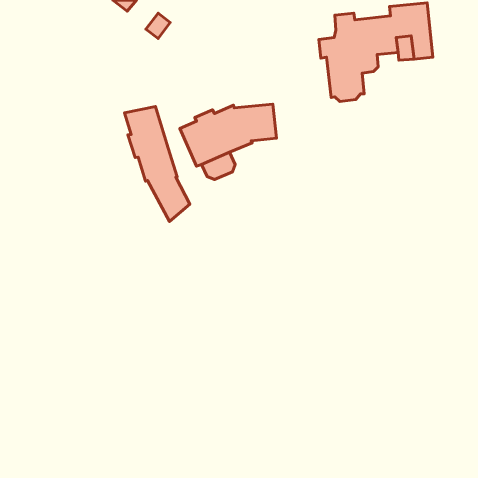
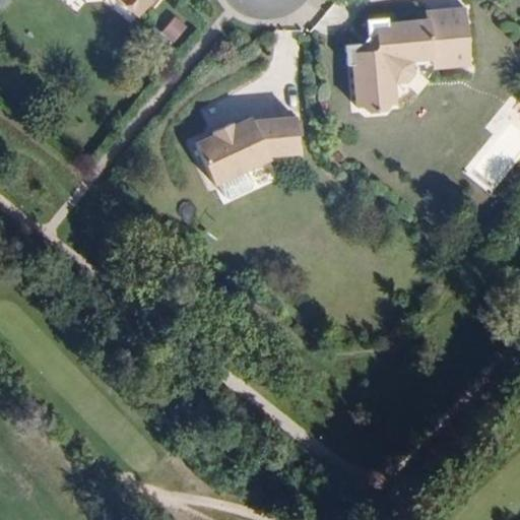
building: [125,106,190,222] -> none

